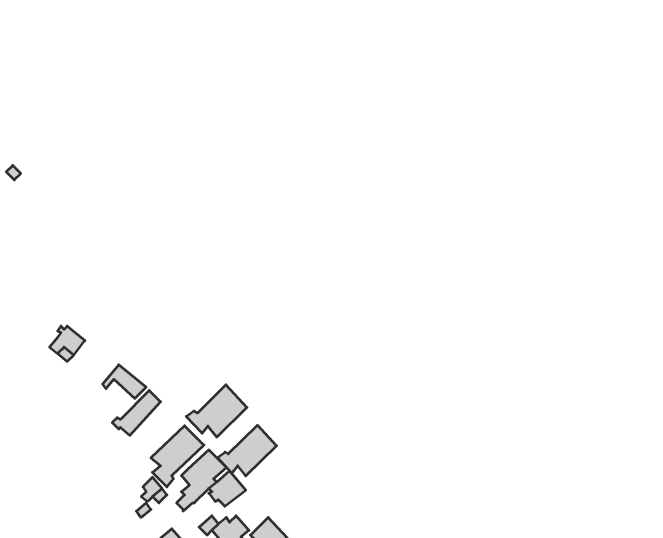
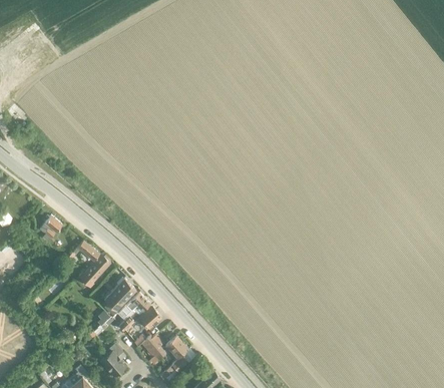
building: [186,385,247,437] -> none
building: [217,425,277,476] -> none

